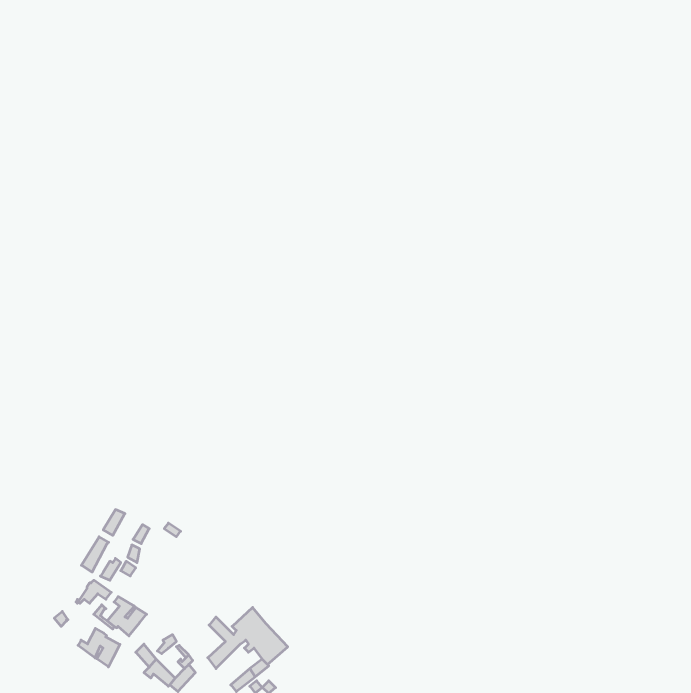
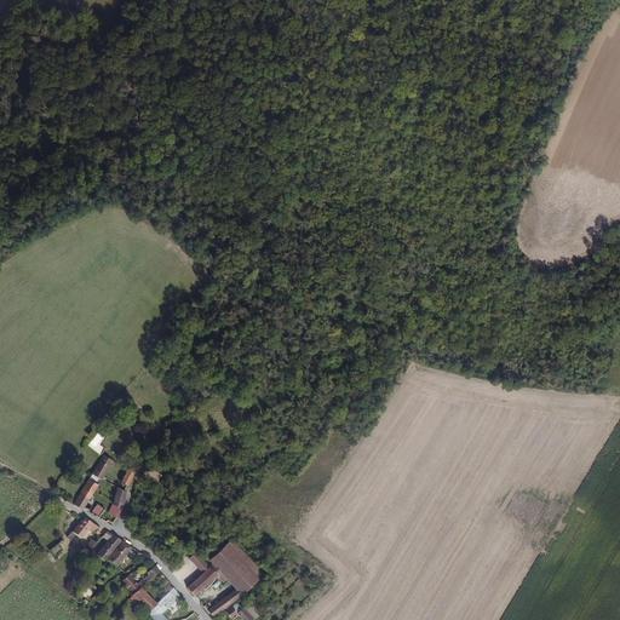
building: [78,628,120,667] -> none

